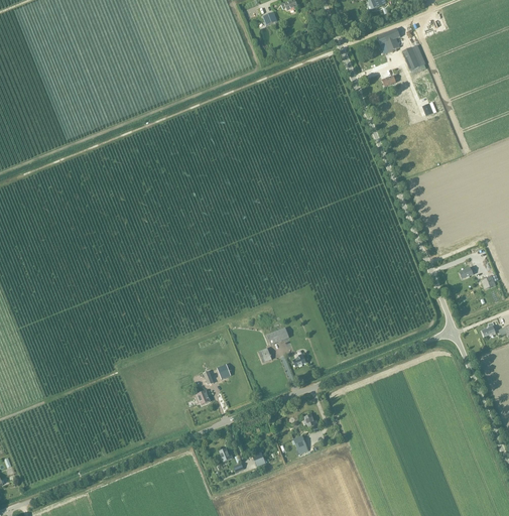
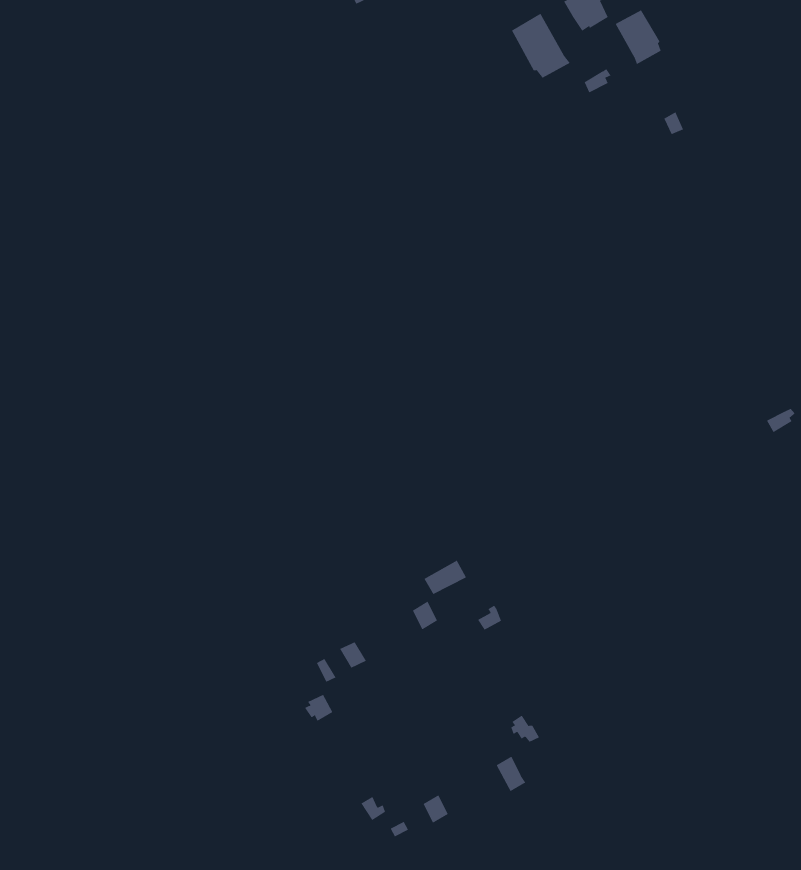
building: none -> [511,13,570,79]

